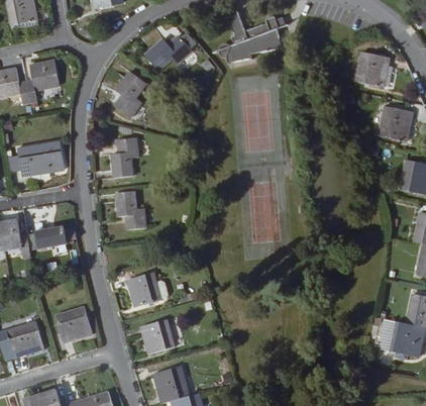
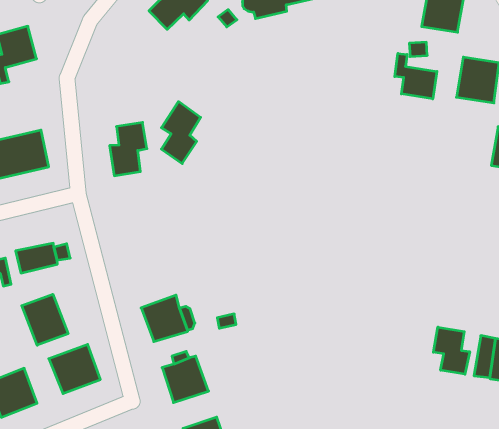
building: [115,72,146,119] -> [161,102,201,164]
building: none -> [395,53,437,99]
building: [115,197,146,235] -> none
building: none -> [22,294,68,345]
building: none -> [433,327,470,374]

